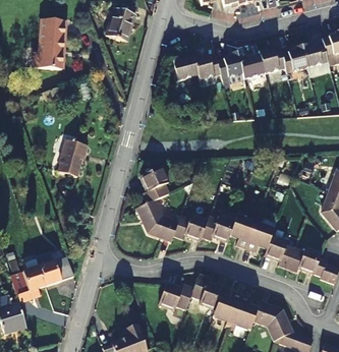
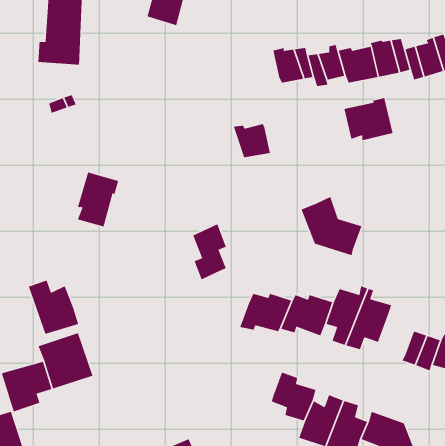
building: [171,57,196,80] -> [233,123,271,158]
building: none -> [344,97,393,141]
building: [134,209,176,249] -> [300,196,363,256]
building: none -> [28,279,79,335]
building: [263,236,289,263] -> none
building: [155,286,192,310] -> none

